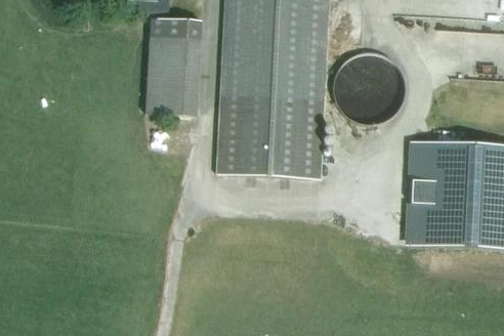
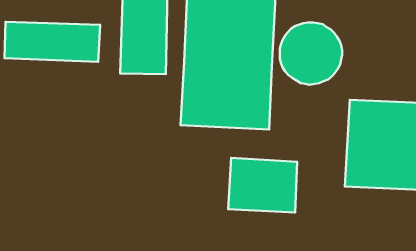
building: none -> [5,22,100,62]
building: none -> [228,158,297,212]

